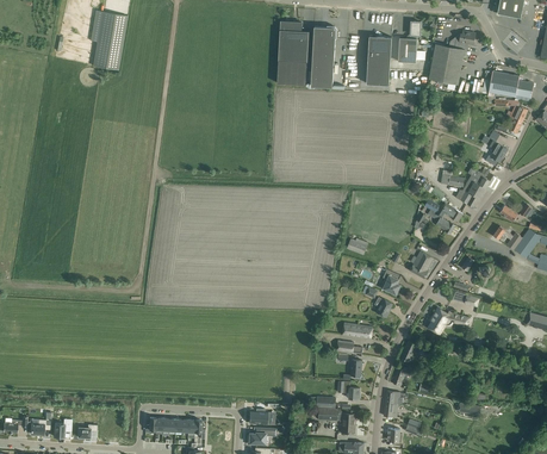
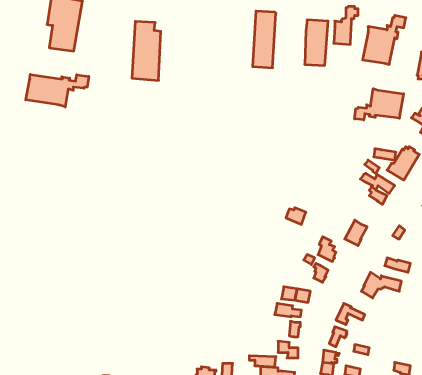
building: [278,21,309,85] -> [132,21,161,80]
building: none -> [26,74,89,107]
building: none -> [355,89,404,120]

